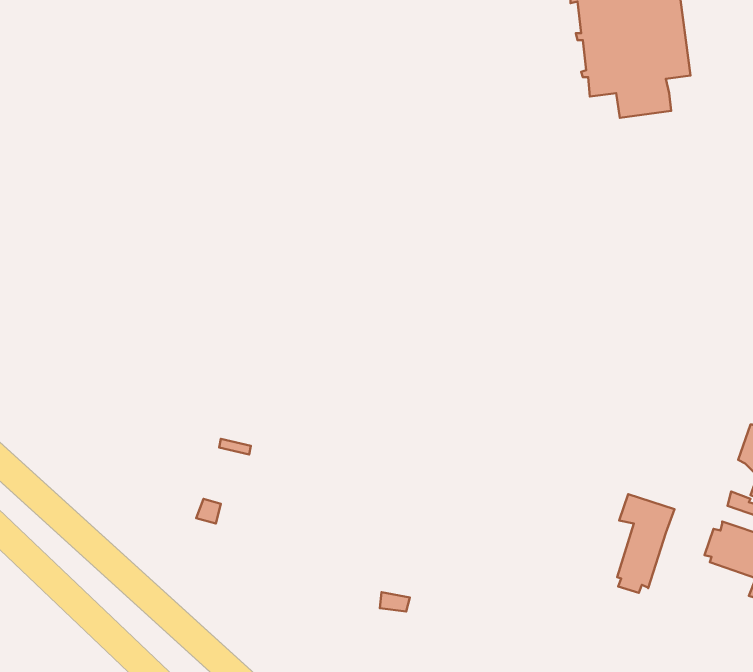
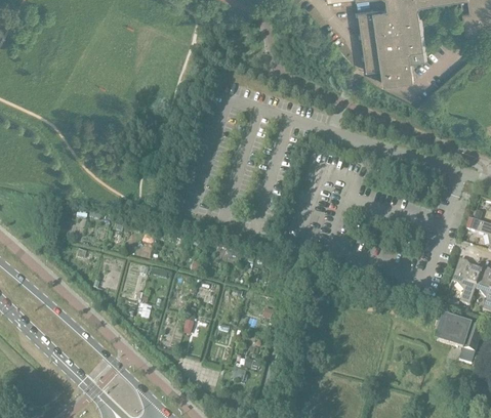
building: [617,494,675,593] -> none

